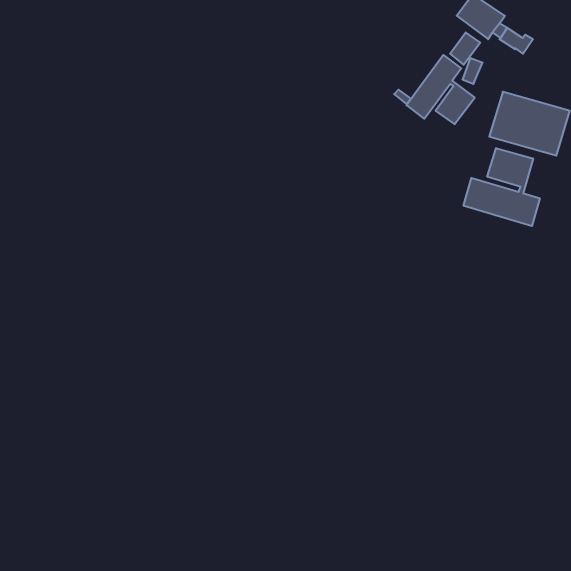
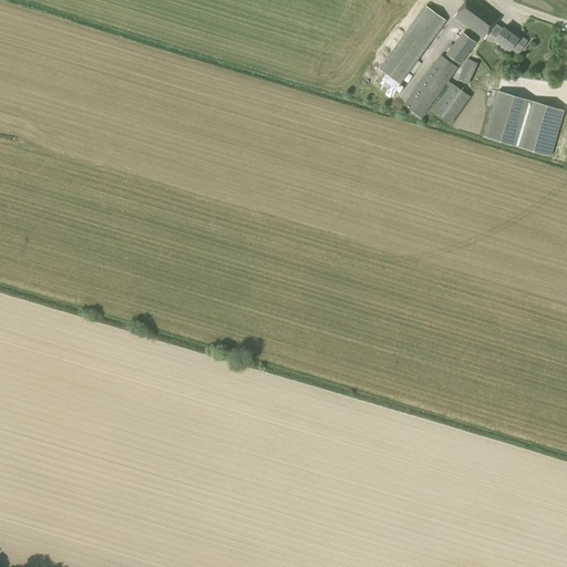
building: none -> [379,6,445,83]
building: [464,148,540,226] -> none

